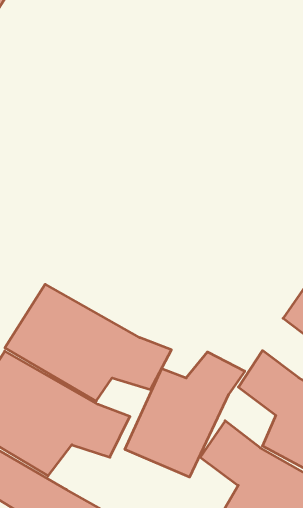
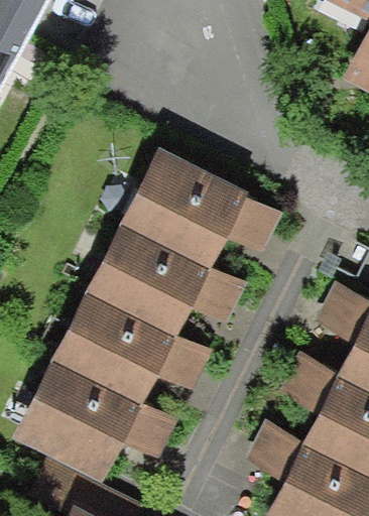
building: none -> [122,153,282,263]
building: none -> [86,226,246,336]
building: [125,352,245,477] -> none

